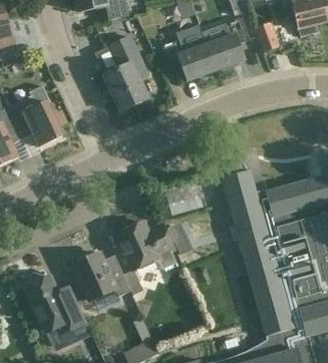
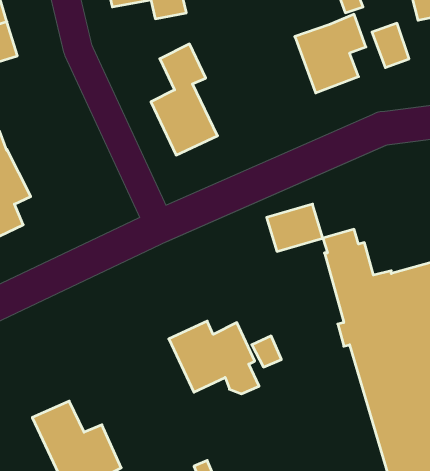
building: [163,23,216,78] -> none
building: [7,85,62,147] -> none
building: [165,183,203,215] -> [267,204,323,251]
building: [73,252,130,312] -> none

